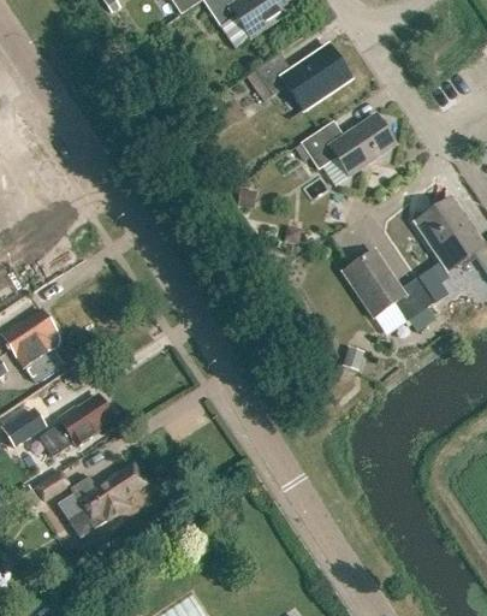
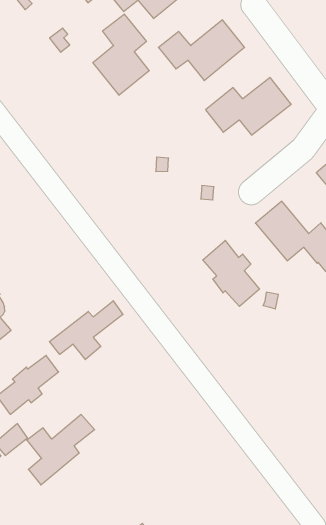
building: none -> [93,14,149,95]
building: none -> [203,240,259,306]
building: none -> [49,301,123,360]

